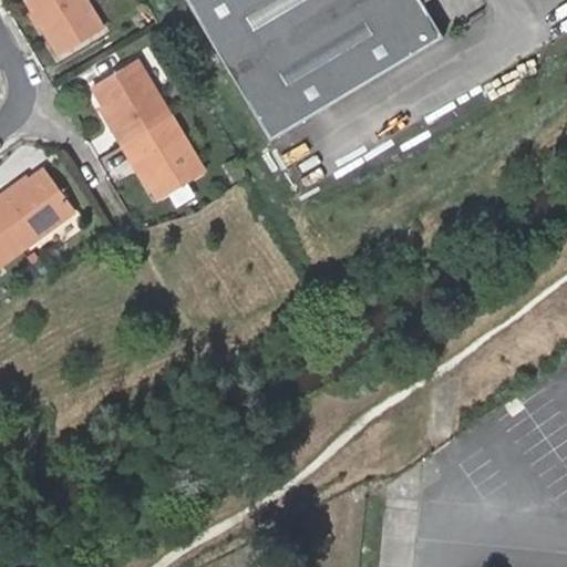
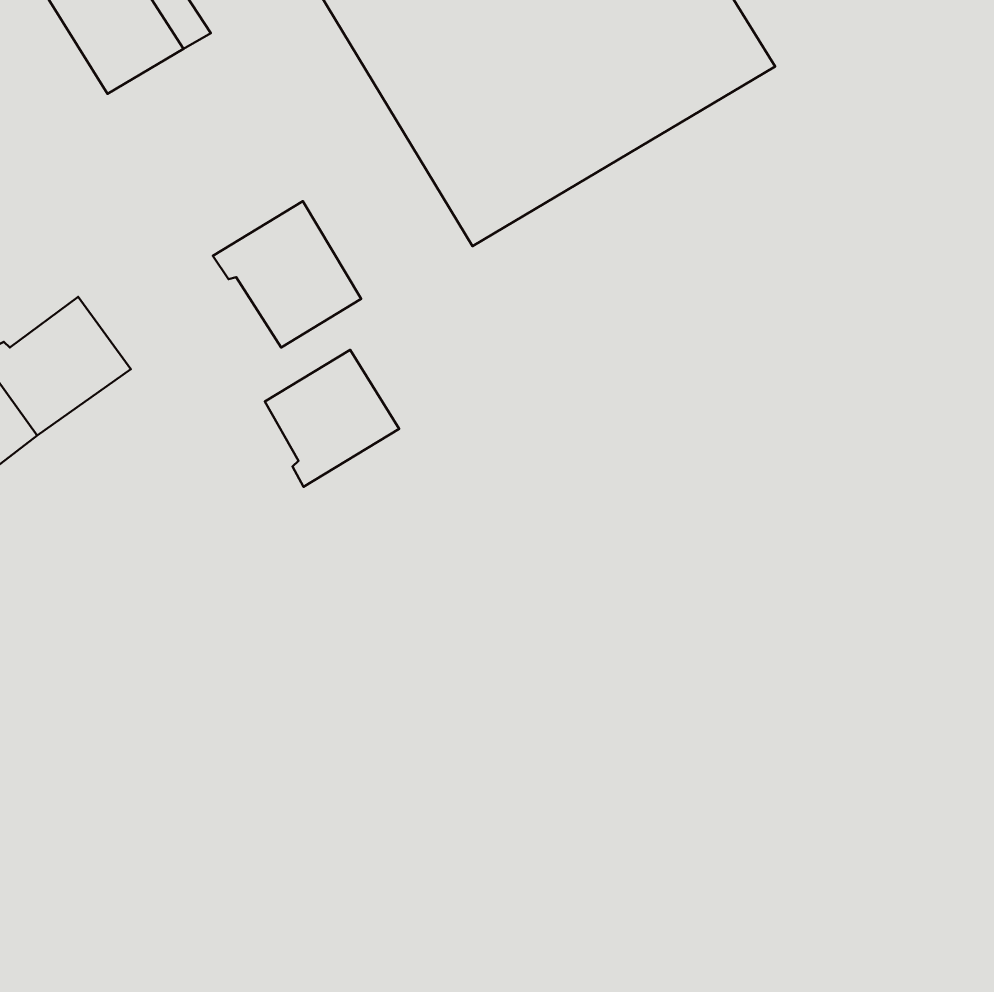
building: [89,55,172,145] -> none
building: none -> [265,350,399,487]

